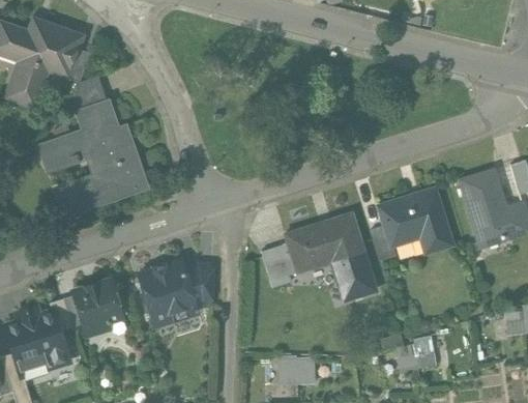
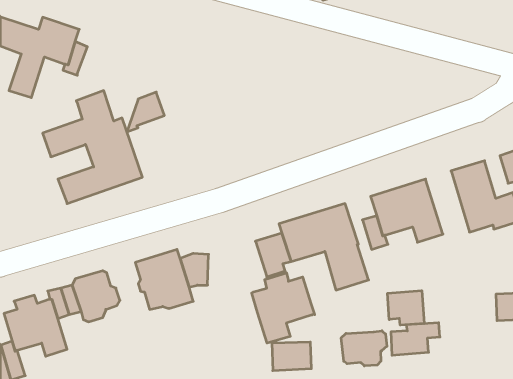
building: [69,74,108,114] -> [127,92,164,132]
building: none -> [252,273,315,343]
building: none -> [388,291,424,325]
building: none -> [341,331,387,366]

